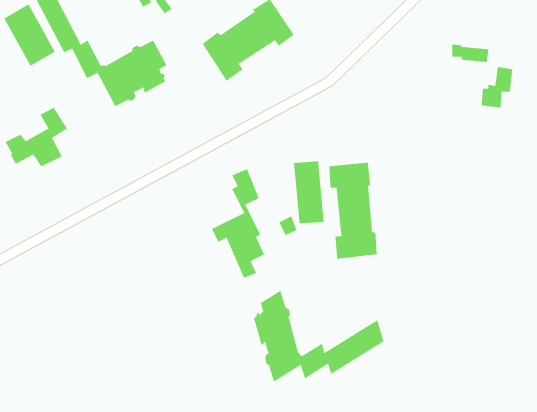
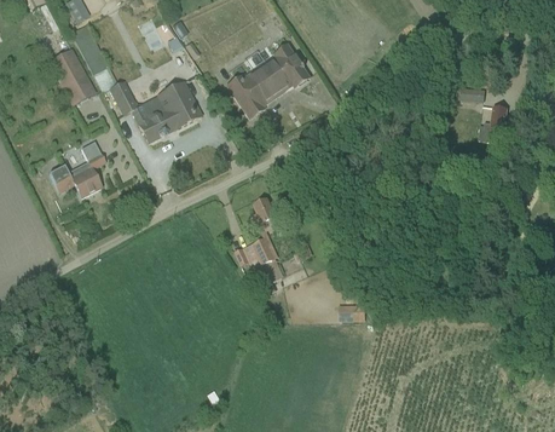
building: [293,161,324,224] -> none
building: [329,162,377,259] -> none
building: [254,290,384,382] -> none

